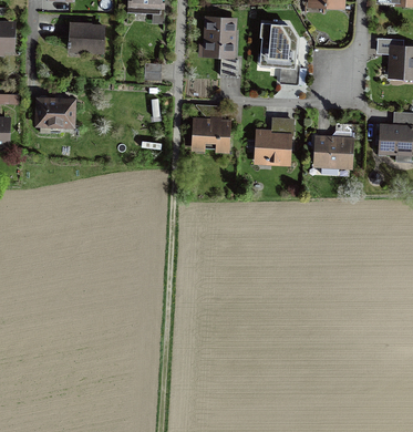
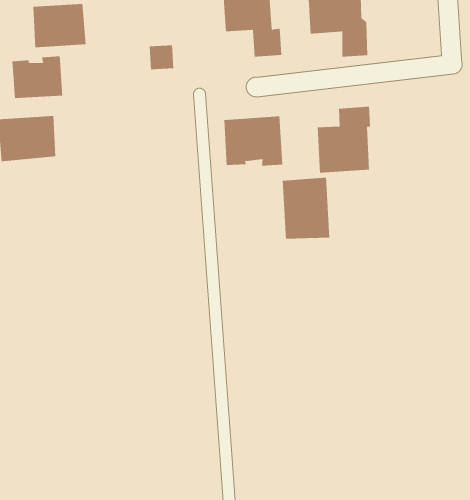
building: none -> [12,56,63,99]
building: [313,125,354,169] -> none
building: none -> [282,177,330,239]

